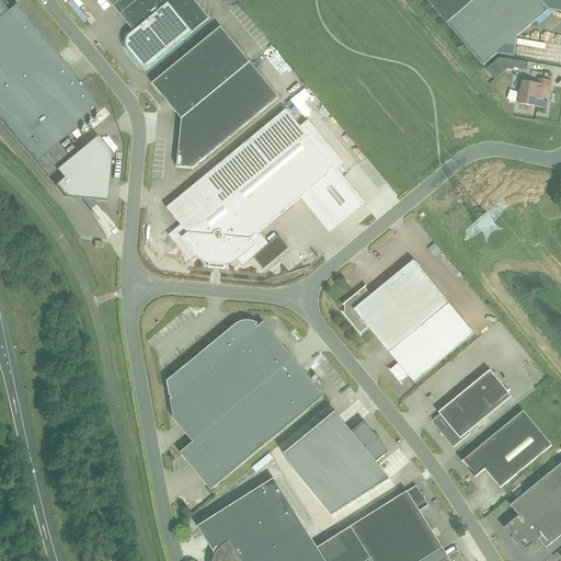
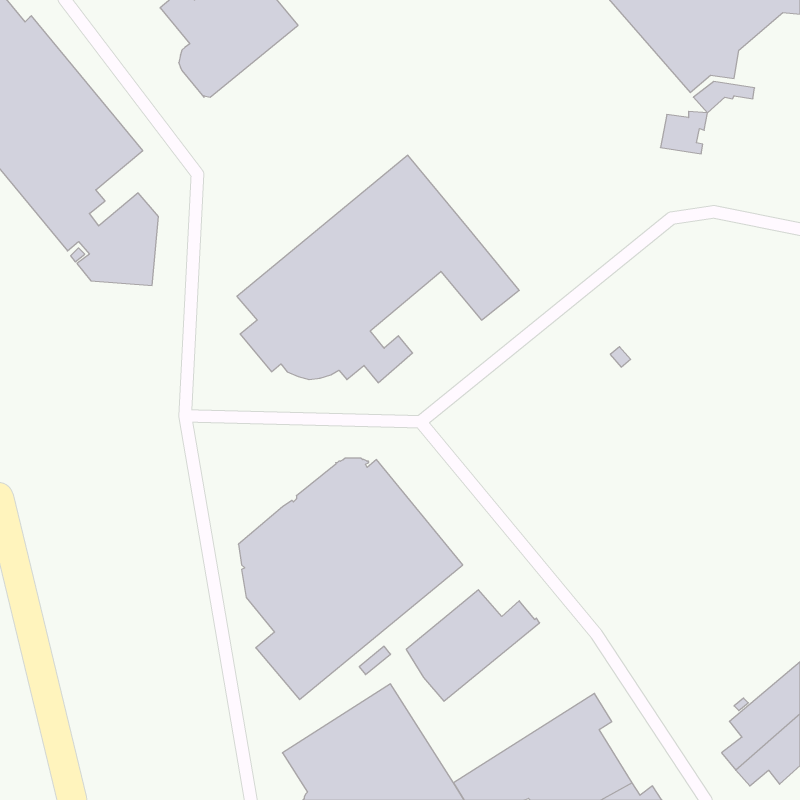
building: [151,26,277,167] -> none
building: [517,78,550,107] -> [660,111,707,154]
building: [342,259,473,382] -> none
building: [431,369,511,446] -> none
building: [462,410,551,486] -> none
building: [310,435,389,515] -> none

